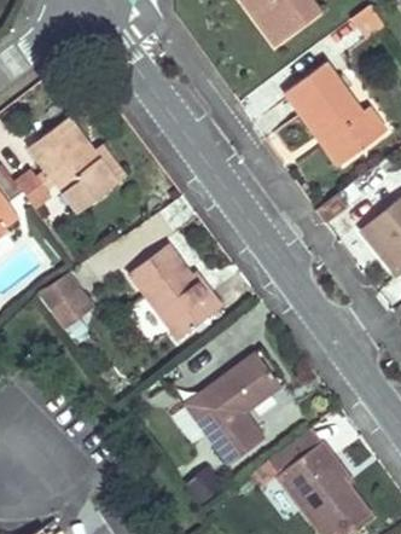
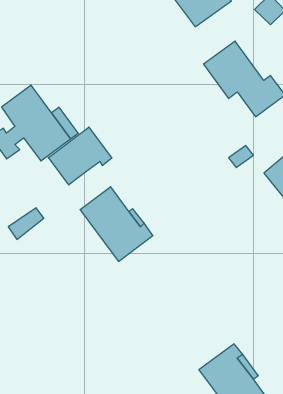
building: none -> [48,127,112,185]
building: [182,352,280,464] -> none

